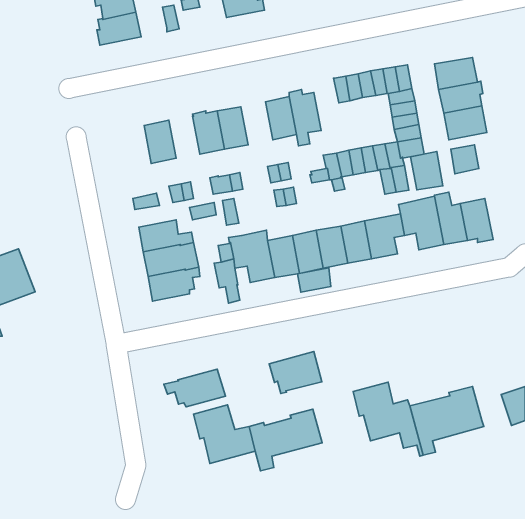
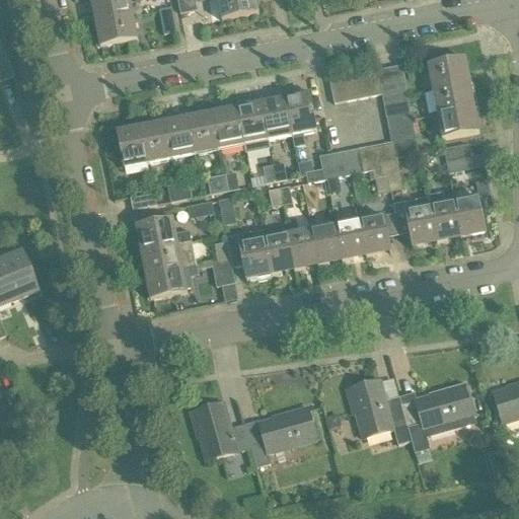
building: none -> [237,97,270,150]
building: none -> [165,110,197,156]
building: none -> [118,123,149,165]
building: [410,152,443,190] -> none
building: [297,268,331,292] -> none
building: [269,352,322,394] -> none
building: [164,369,225,407] -> none

